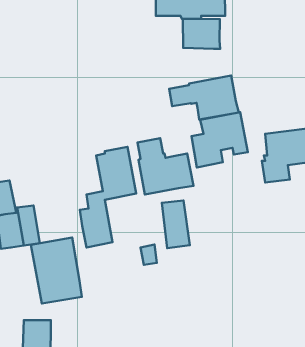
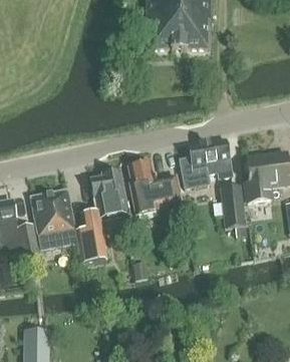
building: [183,19,220,49] -> none
building: [169,75,239,120] -> none
building: [162,201,190,248] -> [221,183,247,227]
building: [31,237,82,303] -> [31,187,78,248]

